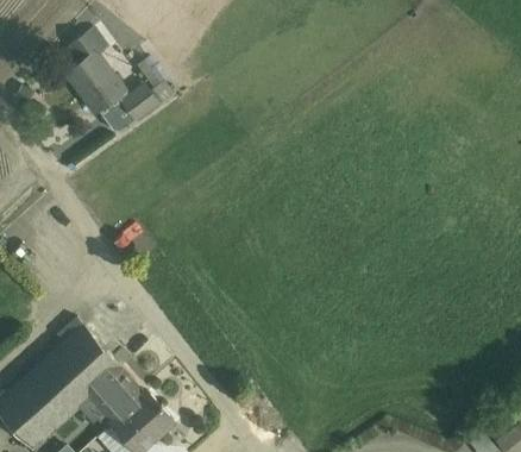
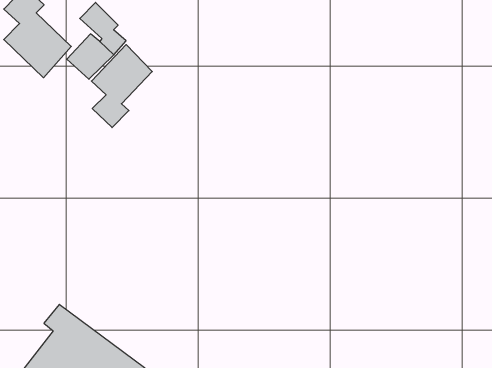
building: none -> [91,45,152,128]

